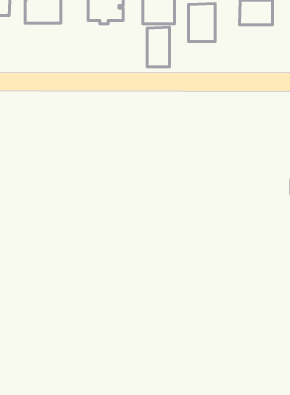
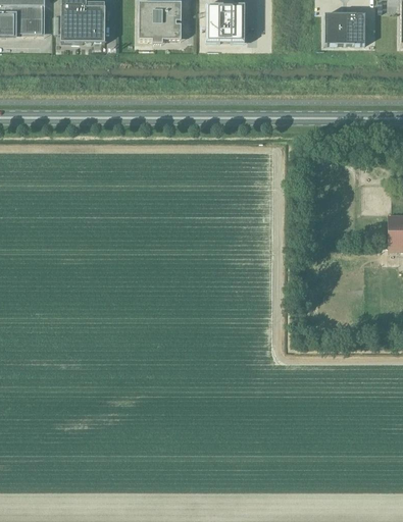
building: [189,4,215,42] -> none
building: [147,27,170,67] -> none

